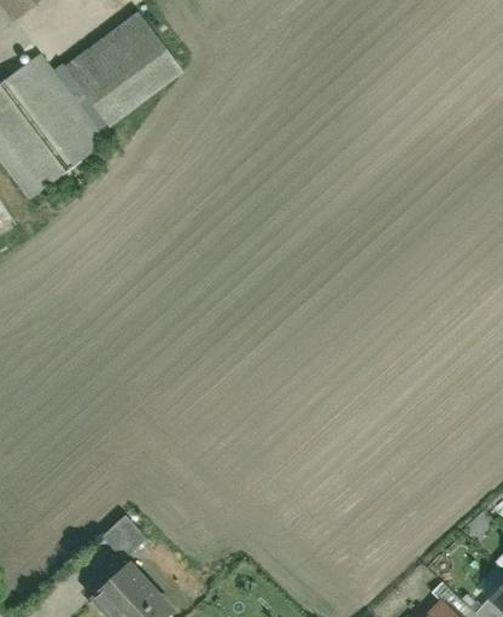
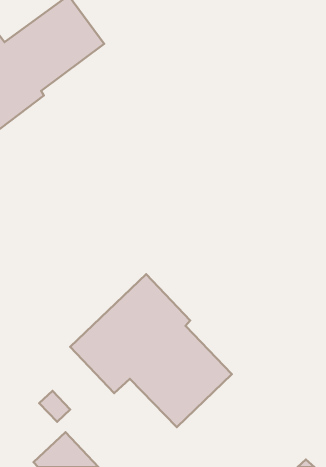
building: none -> [70,274,232,427]

